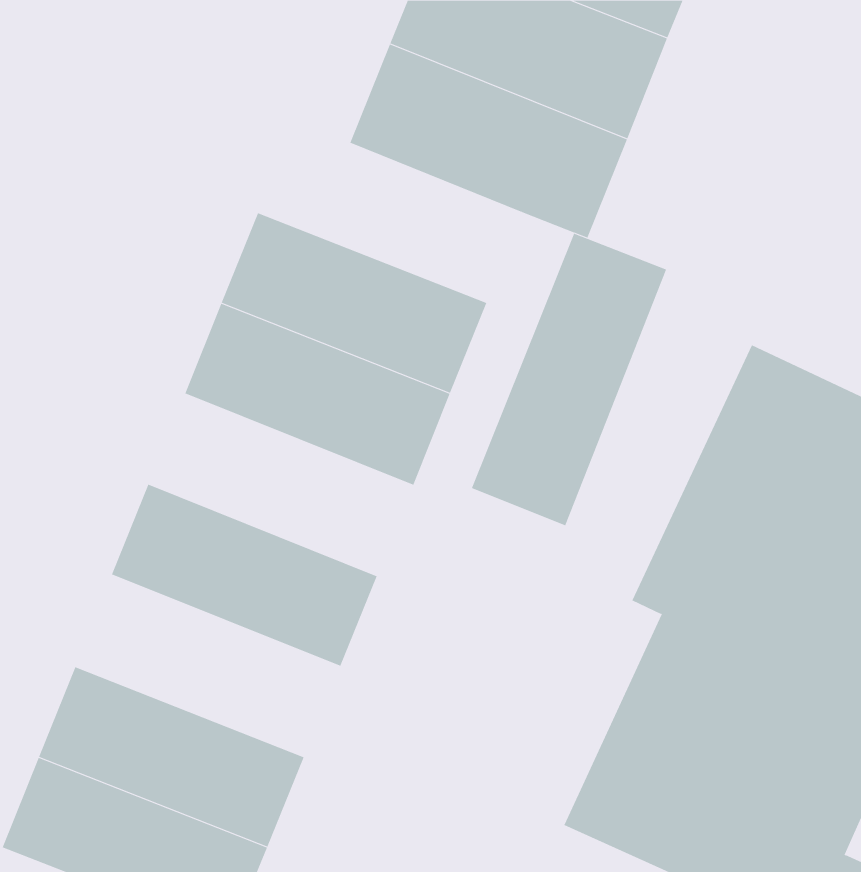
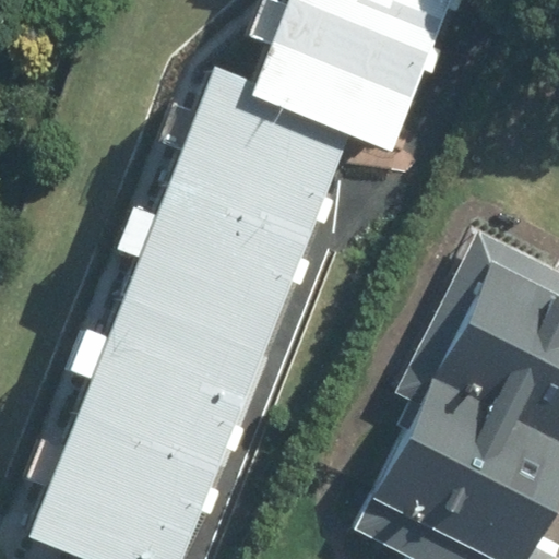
building: none -> [179,87,345,201]
building: [471,233,667,526] -> none
building: none -> [110,258,277,372]
building: none -> [64,371,231,486]

